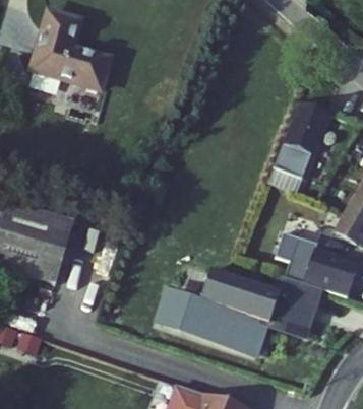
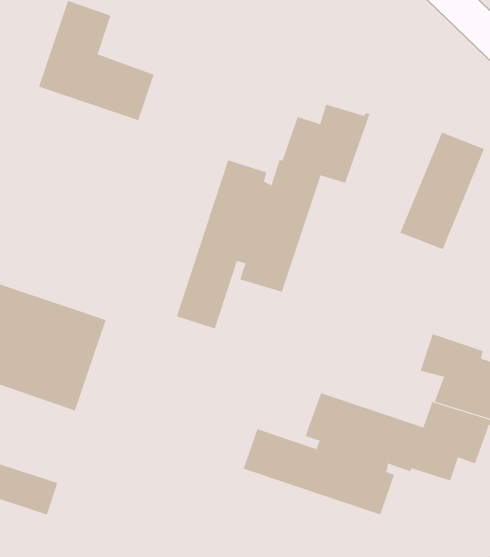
building: none -> [176,104,370,329]

